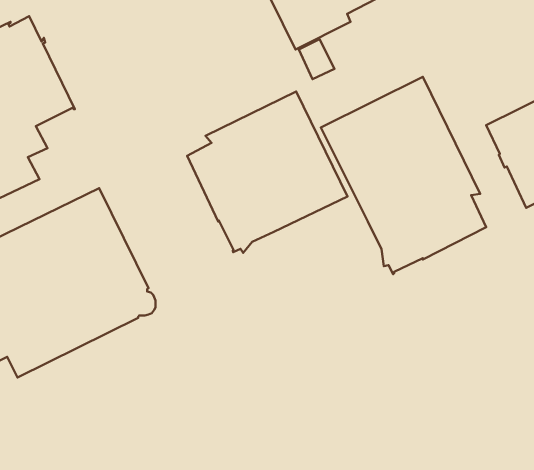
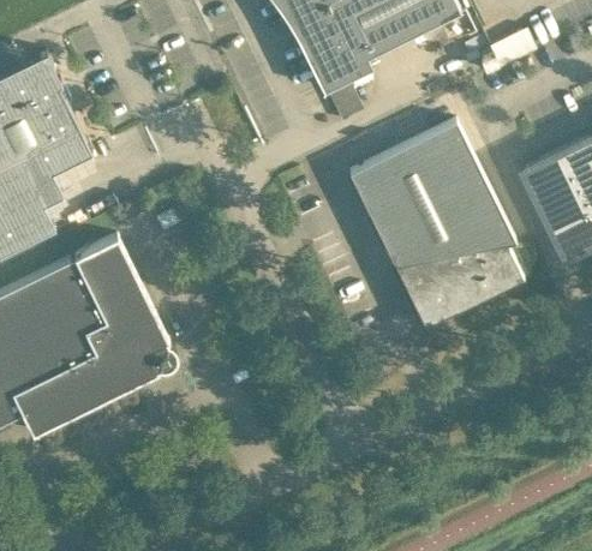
building: [187,91,348,253] -> none

